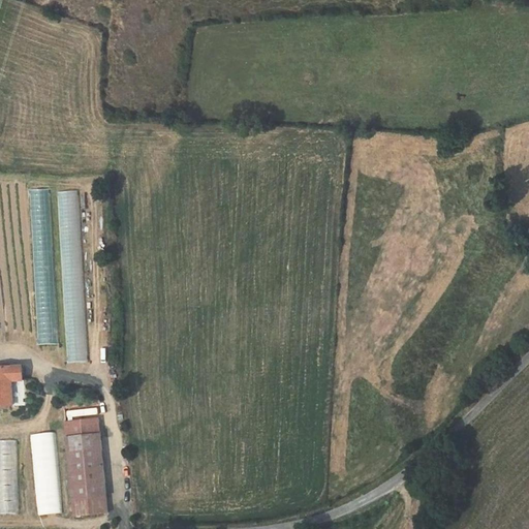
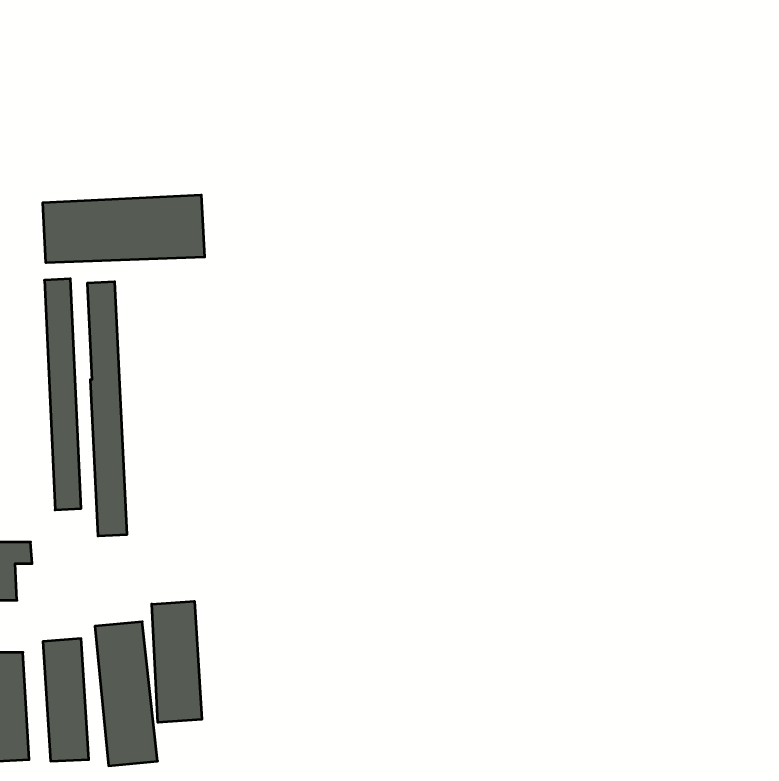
building: none -> [43,195,205,263]
building: none -> [152,601,202,722]

